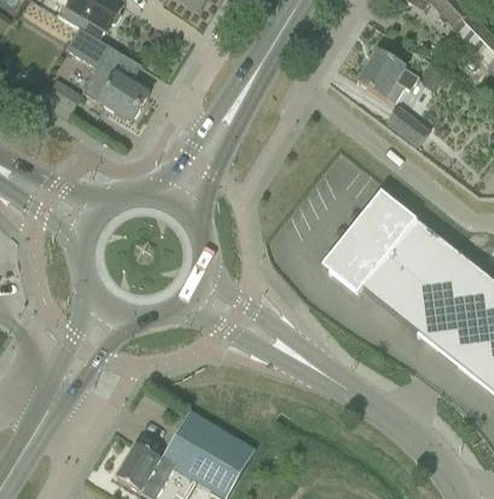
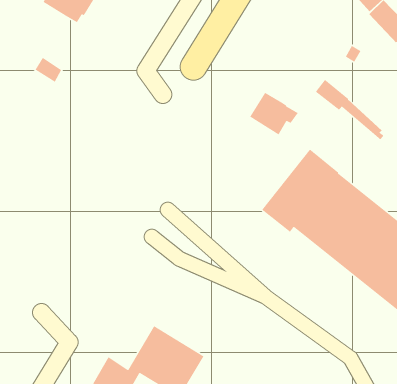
building: [65,27,150,121] -> none
building: [359,50,419,103] -> [249,92,299,136]

